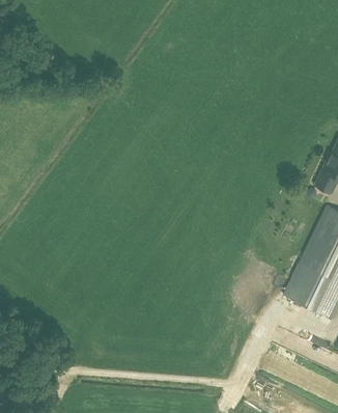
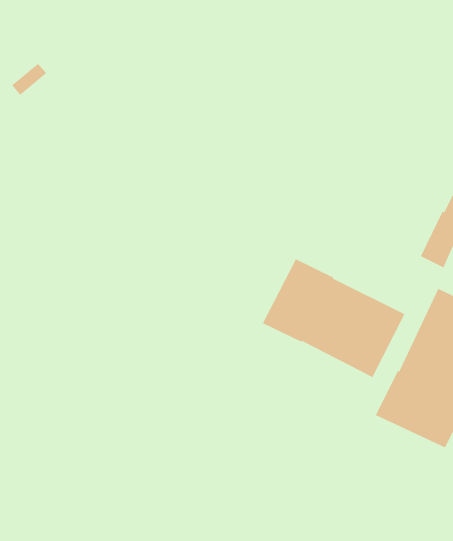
building: none -> [262,258,406,378]

